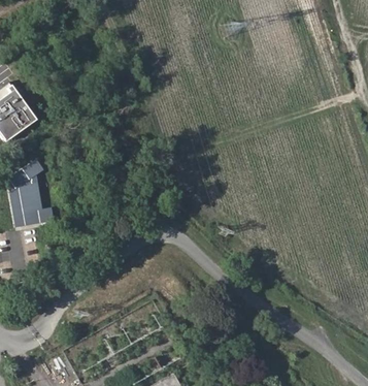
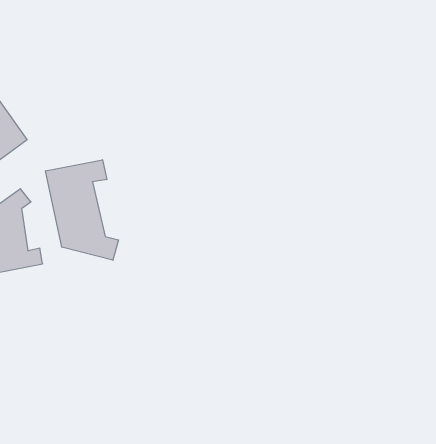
building: none -> [46,160,119,260]

